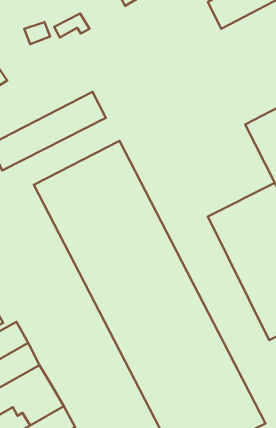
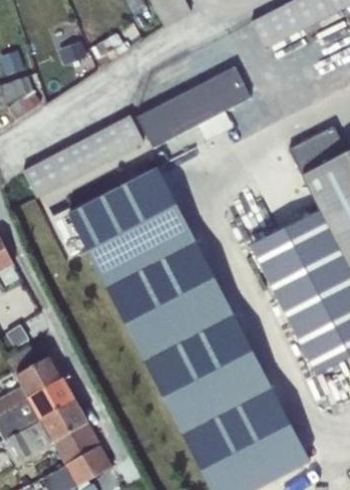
building: none -> [136,67,250,148]

